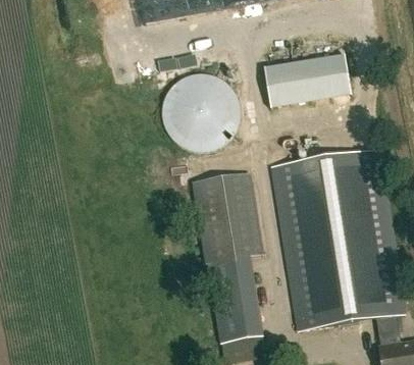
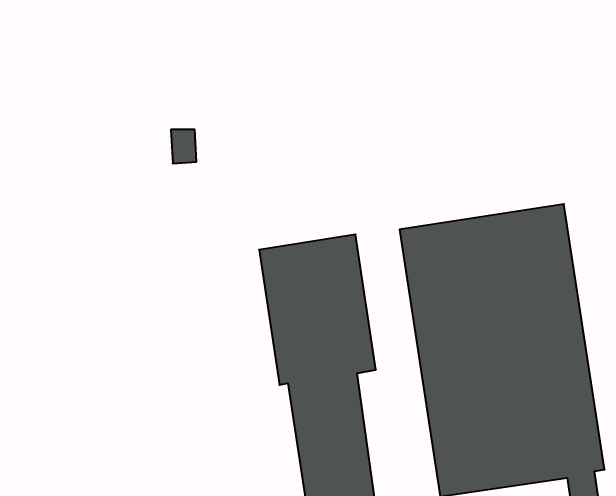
building: [263,53,351,107] -> none
building: [160,72,239,151] -> none

